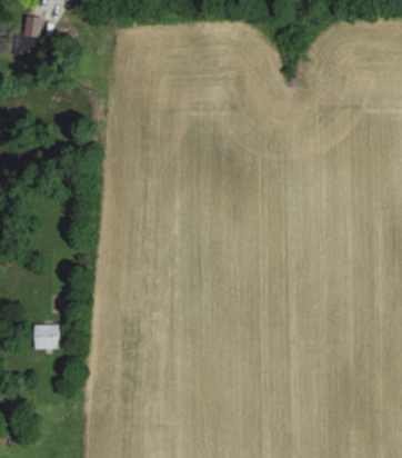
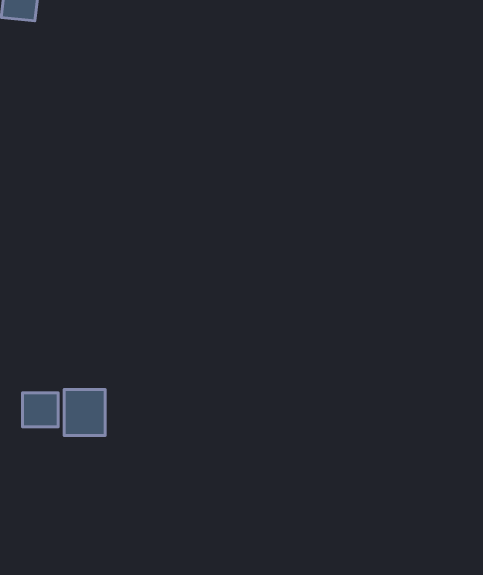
building: none -> [64,390,105,435]

